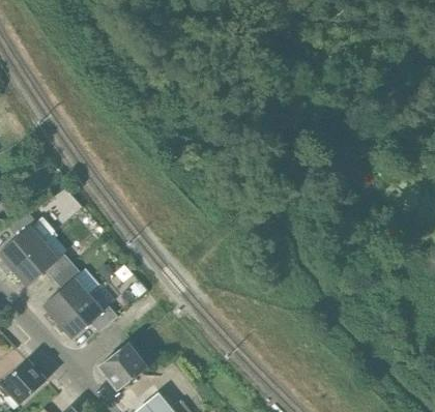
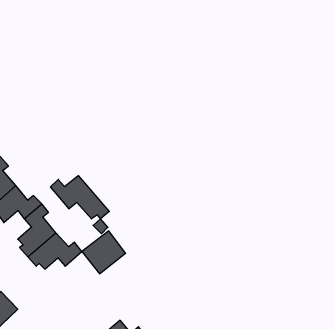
building: none -> [50,176,109,219]
building: [97,345,146,392] -> [82,231,126,274]

